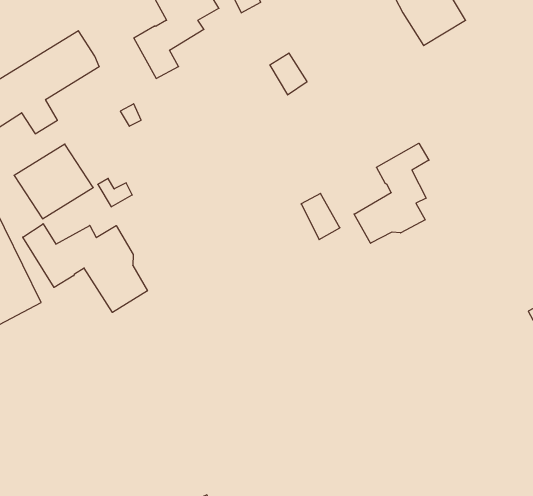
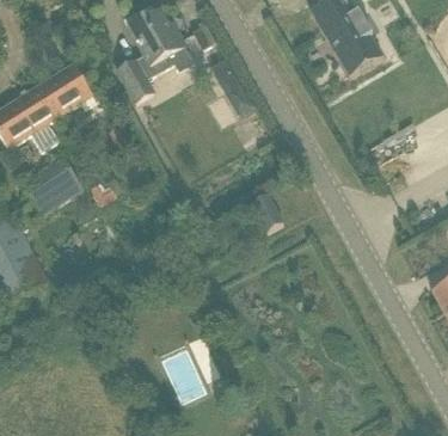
building: [354,143,429,243] -> none
building: [23,224,147,312] -> none

